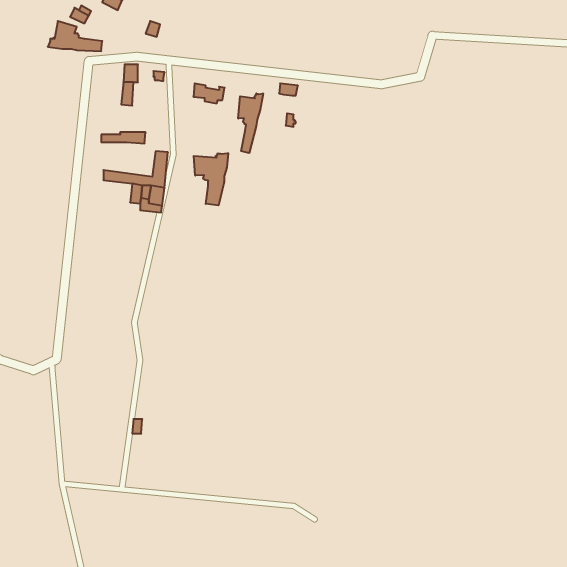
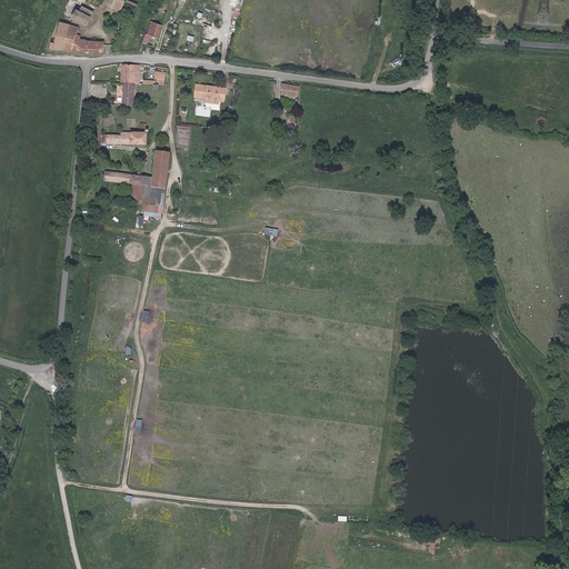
building: [238,93,263,153] -> none
building: [194,153,228,205] -> none

